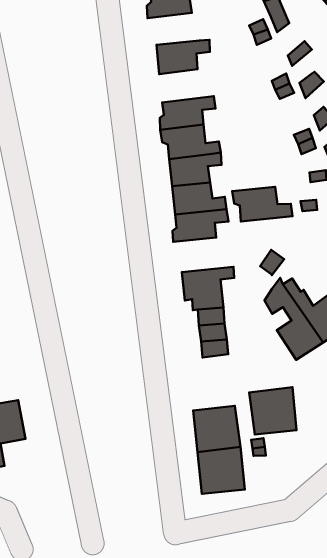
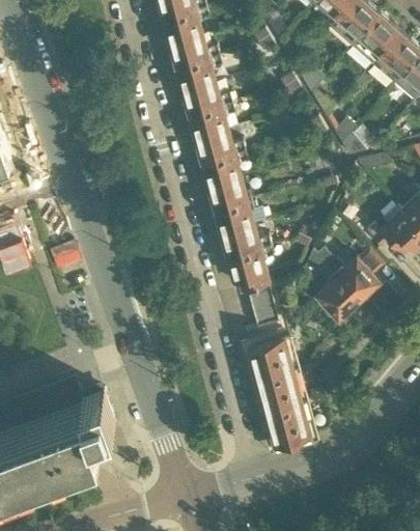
building: none -> [166,36,222,68]
building: none -> [184,84,233,117]
building: [232,187,292,221] -> [218,226,273,260]
building: [249,387,297,434] -> [247,332,292,378]

